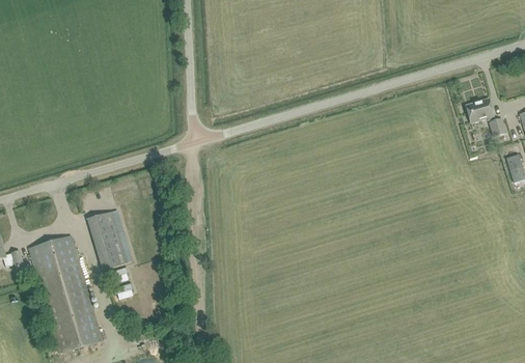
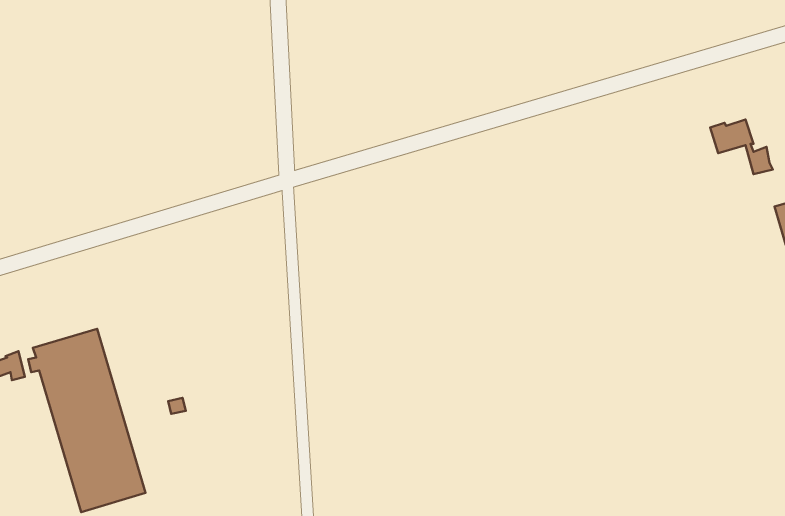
building: [87,208,133,269] -> none

